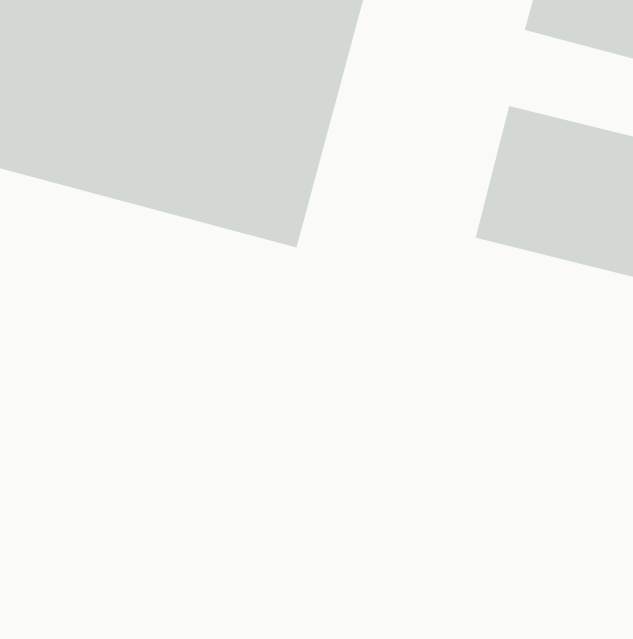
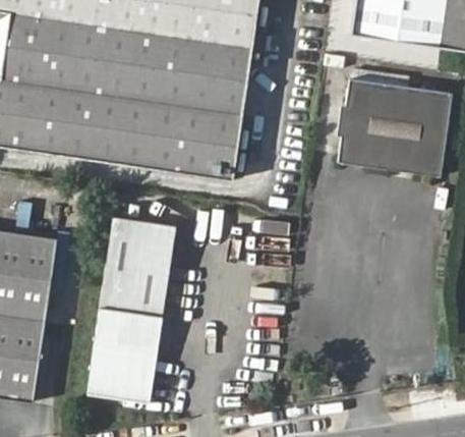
building: none -> [89,216,181,401]

